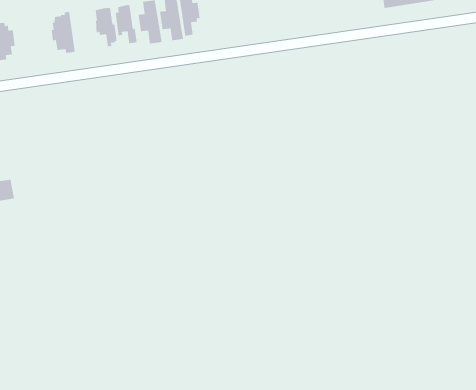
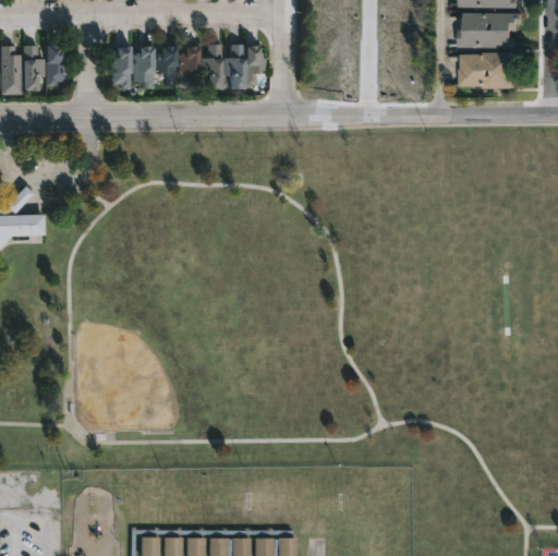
building: none -> [130,47,153,89]

